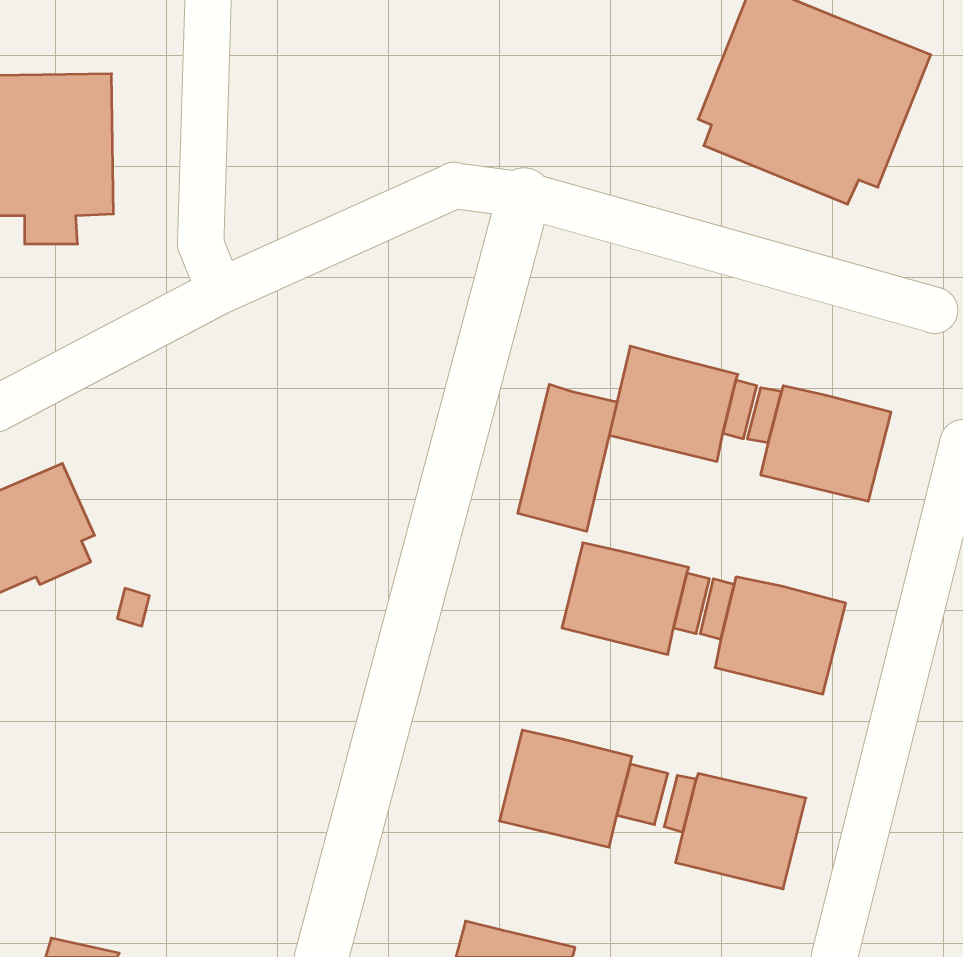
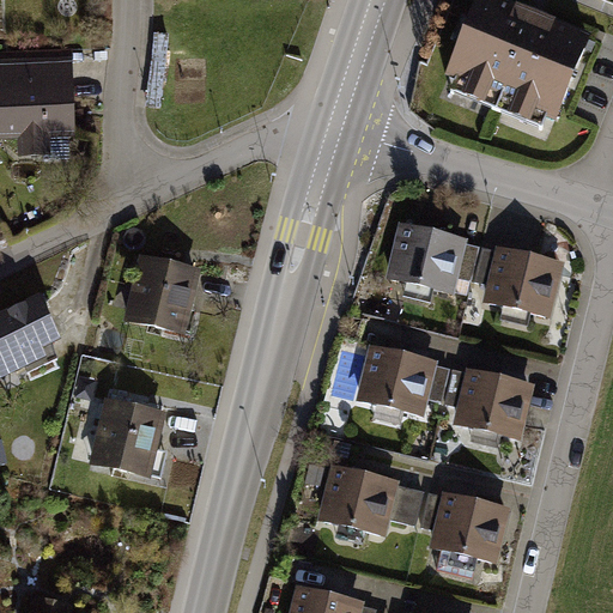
building: [518,384,617,531] -> none
building: none -> [123,253,199,333]
building: none -> [89,390,165,478]

